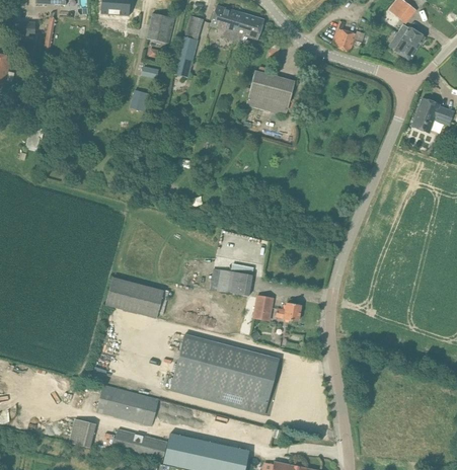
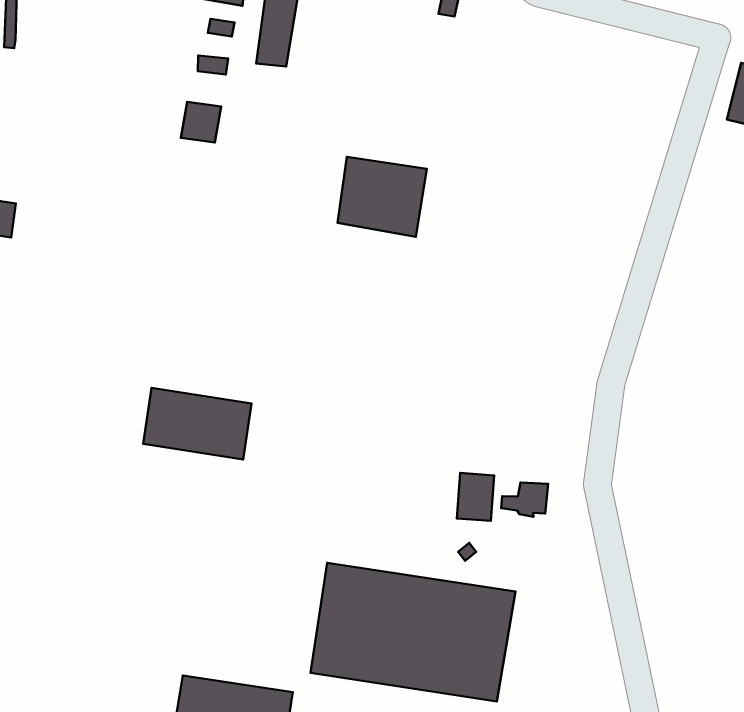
building: [246,71,295,115] -> [338,157,427,237]
building: [210,263,253,296] -> none
building: [105,277,163,318] -> [143,388,251,460]

